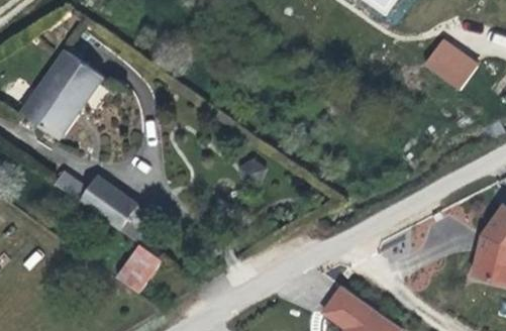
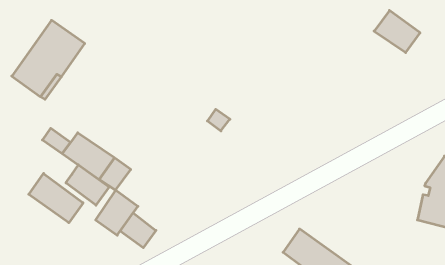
building: none -> [66,165,109,205]
building: none -> [29,173,83,223]
building: none -> [120,213,156,248]

